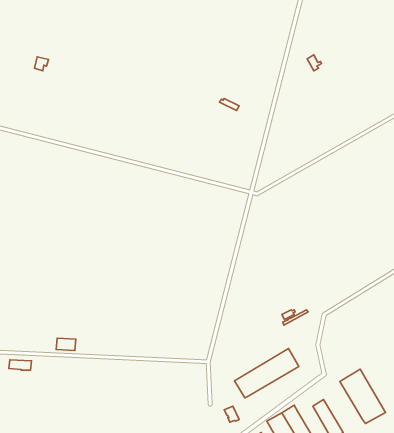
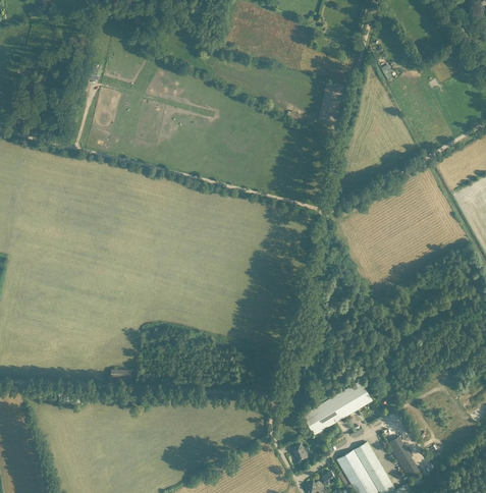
building: [340,369,385,424] -> none

